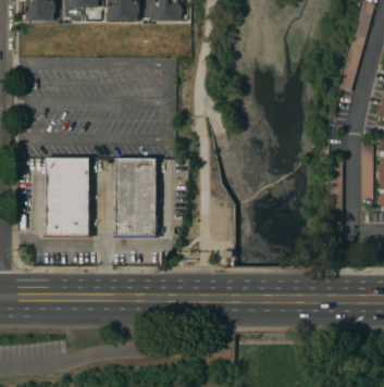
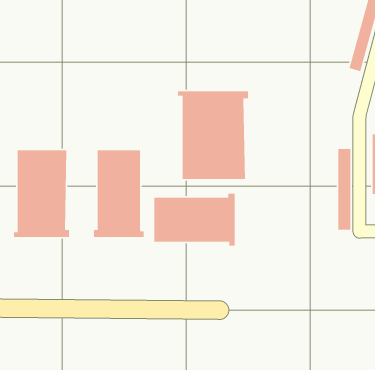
building: none -> [177,90,249,180]
building: none -> [153,193,235,246]

